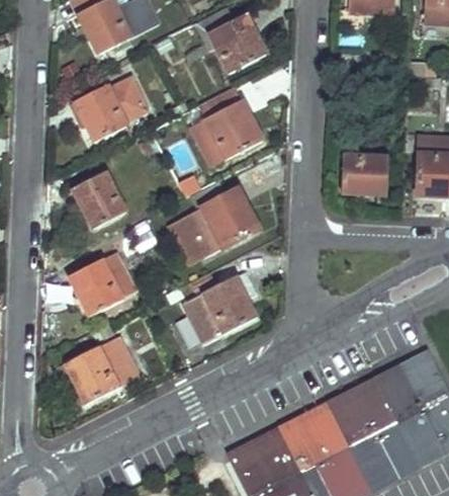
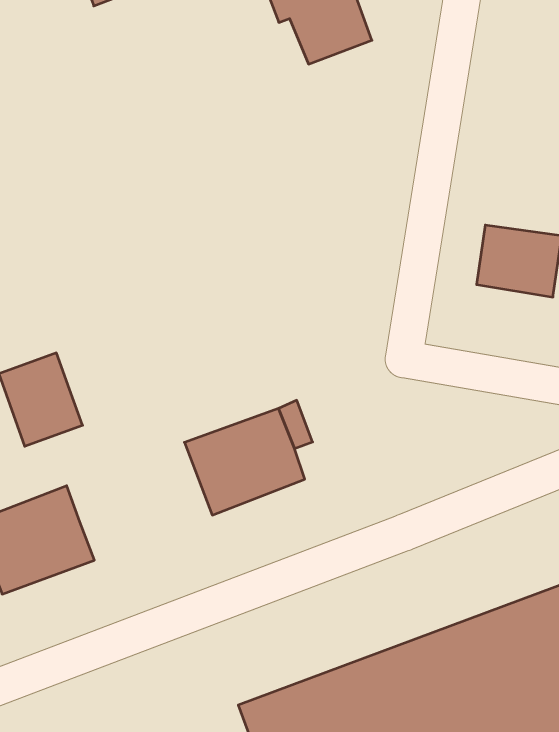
building: [74,80,146,142] -> none
building: [195,85,262,160] -> none
building: [72,172,125,229] -> none
building: [171,186,258,261] -> none

